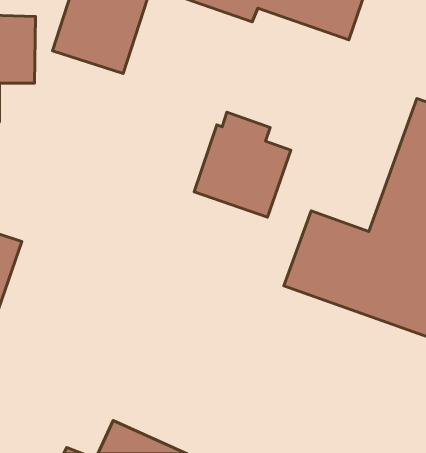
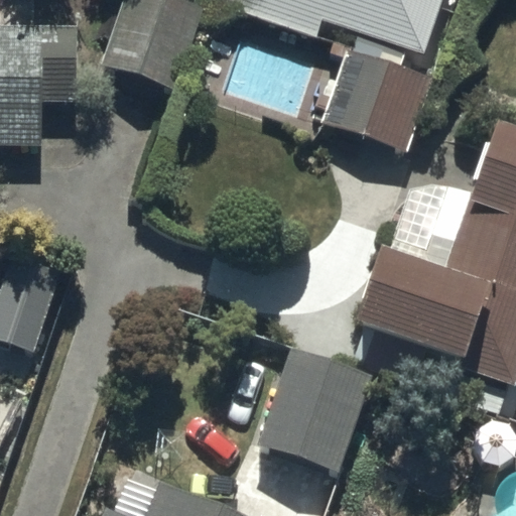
building: [194,112,291,217] -> [318,35,426,152]
building: none -> [254,345,373,471]

